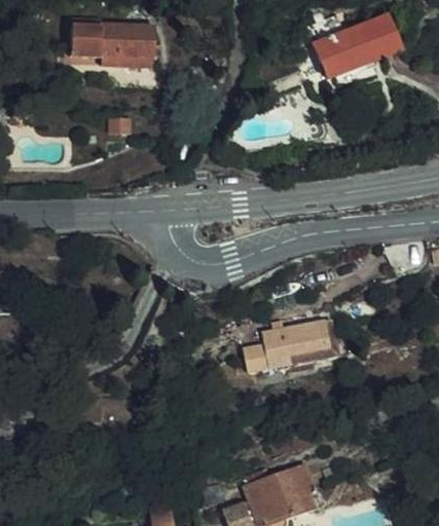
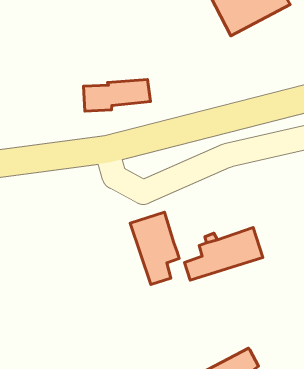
building: [75,30,154,63] -> [84,79,150,111]
building: none -> [130,212,179,285]

